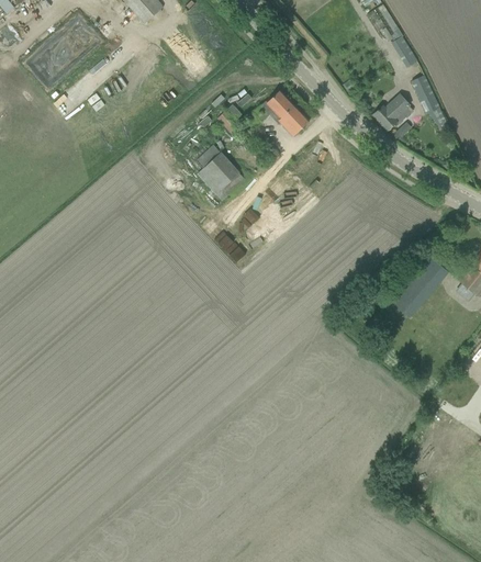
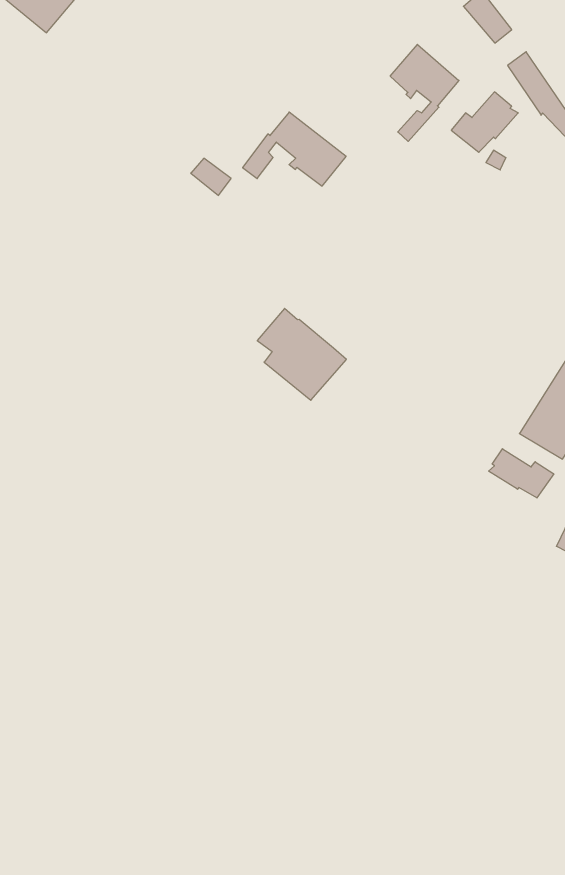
building: none -> [390,44,459,141]
building: [195,144,246,200] -> [257,308,346,400]
building: none -> [489,449,554,498]

